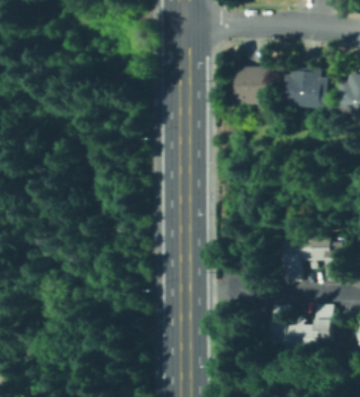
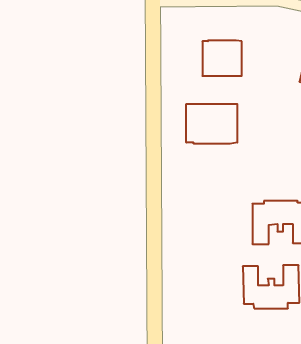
building: [281,64,328,108] -> none
building: none -> [186,104,237,144]

